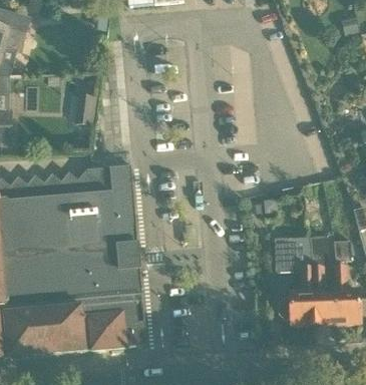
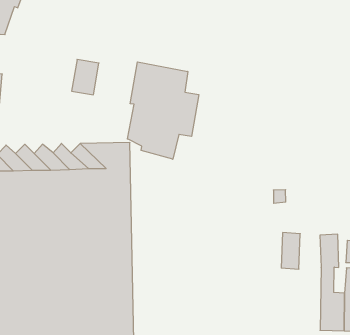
building: none -> [127,62,199,159]
building: [278,265,315,323] -> none

